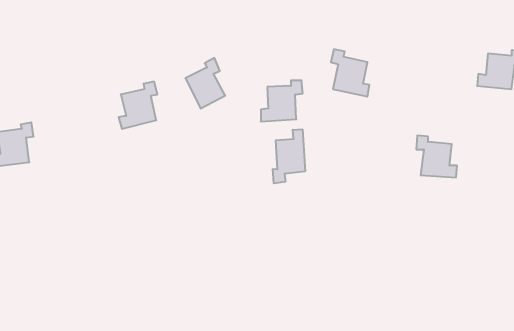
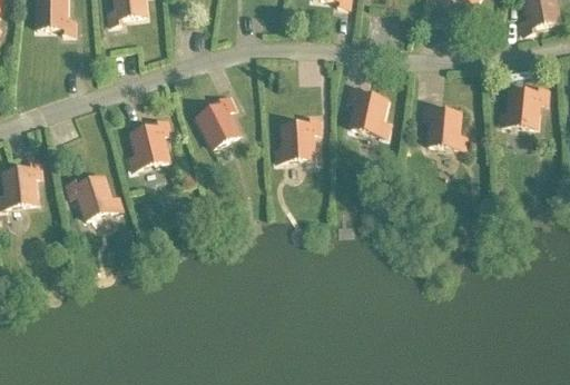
building: [273,129,305,183] -> none
building: [416,135,457,177] -> [423,102,465,146]
building: none -> [68,176,121,217]

